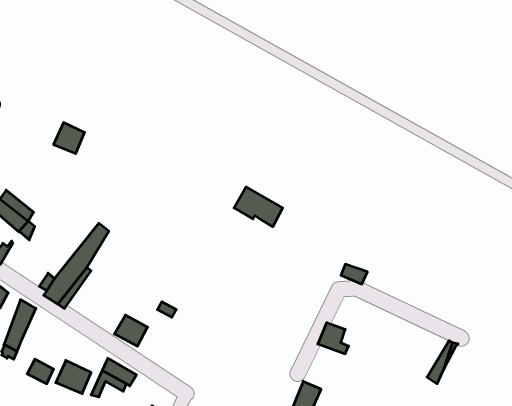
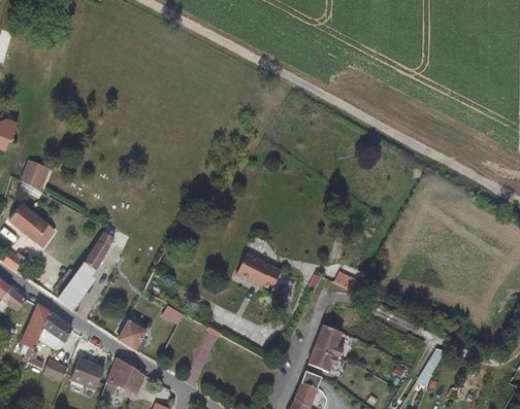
building: [54,123,85,154] -> [23,159,52,188]
building: [234,187,283,227] -> [237,254,283,292]
building: none -> [37,312,72,348]
building: none -> [305,345,338,371]

